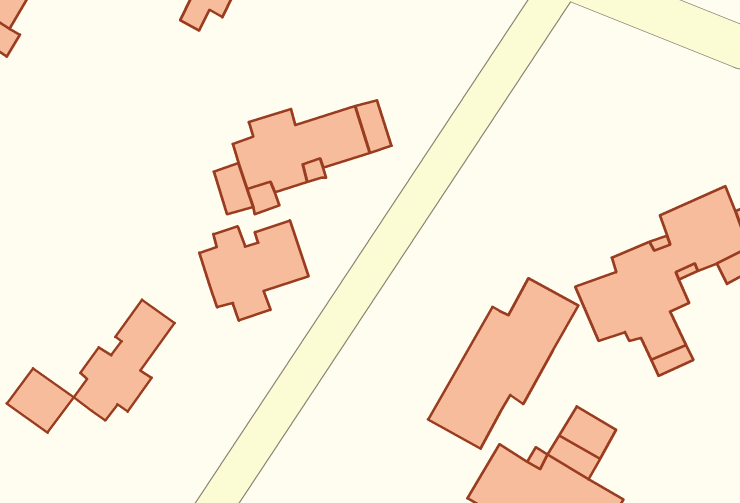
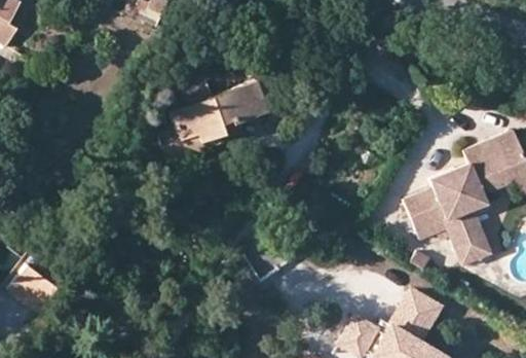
building: [199,220,308,321] -> none
building: [428,278,578,449] -> none
building: [74,300,175,420] -> none

